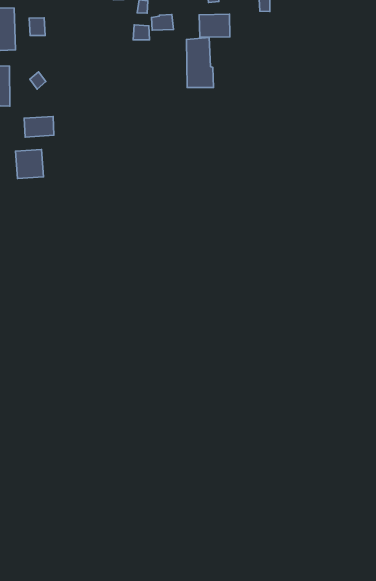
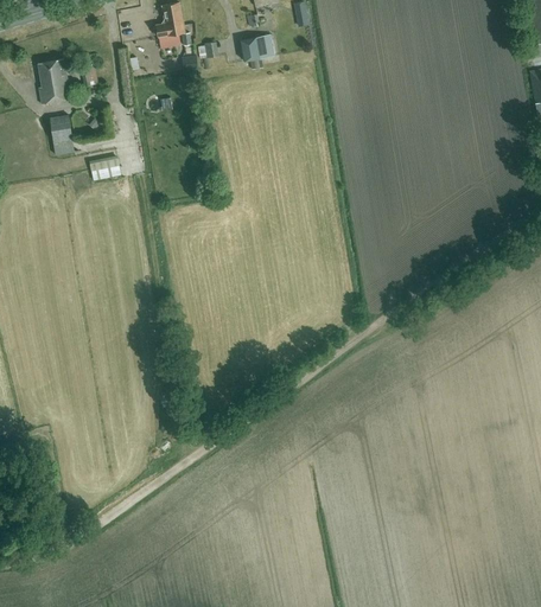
building: [186,38,214,88] -> none
building: [16,149,43,178] -> none

